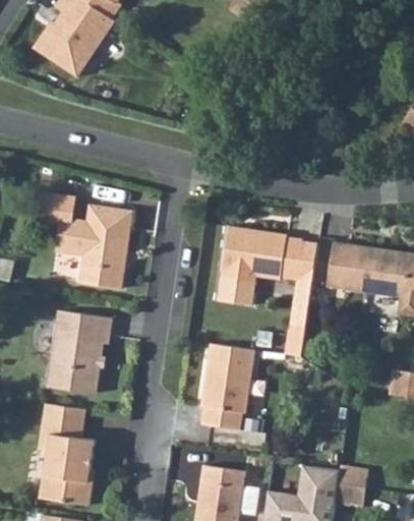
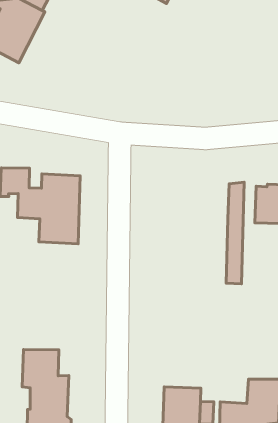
building: [216,226,302,303] -> none
building: [47,311,110,393] -> none
building: [199,343,253,428] -> none

